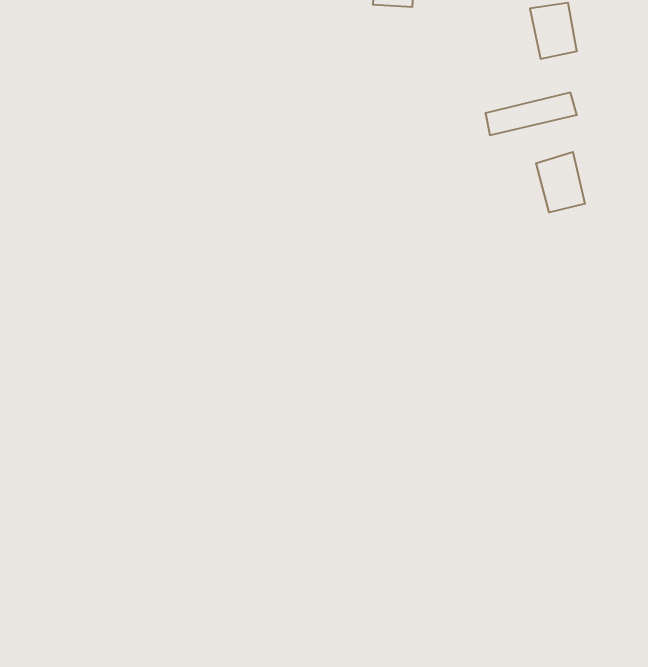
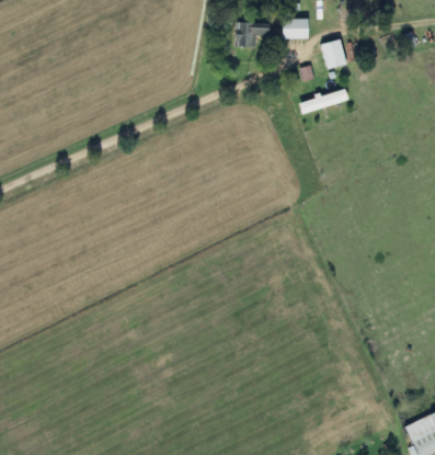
building: [536,152,585,212] -> none

